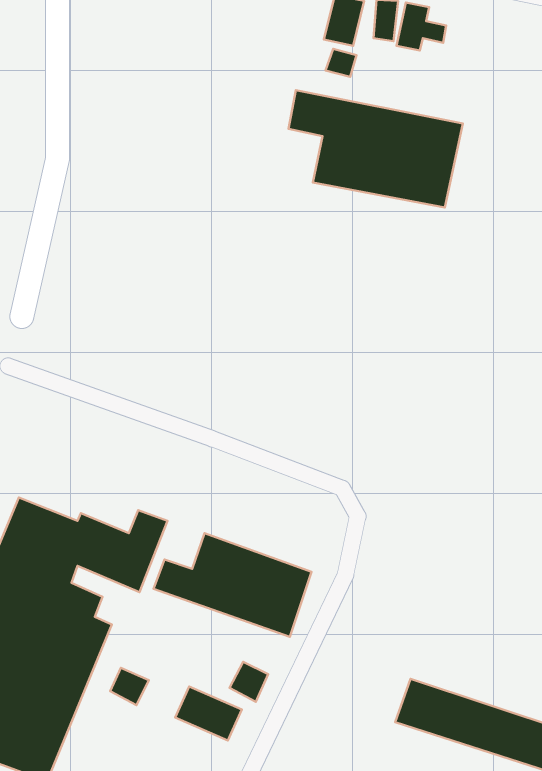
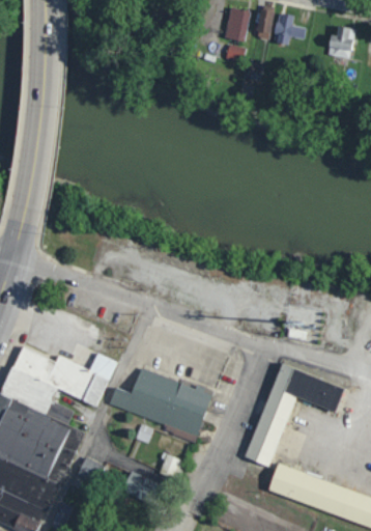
building: none -> [325,26,352,59]
building: [289,90,463,207] -> none
building: none -> [249,363,347,468]

